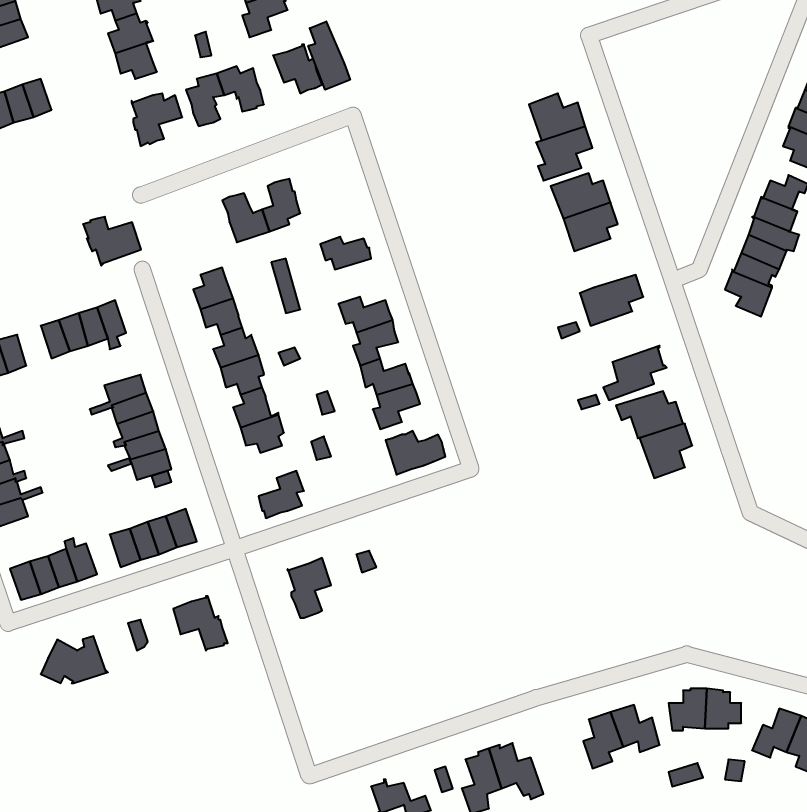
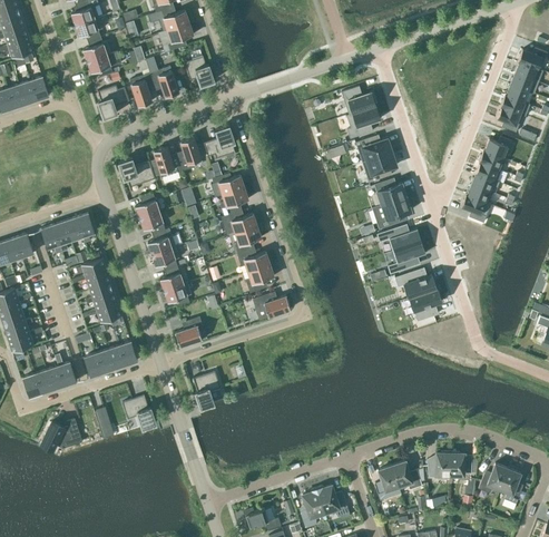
building: [308,21,350,90] -> none
building: none -> [204,126,235,158]
building: [83,217,141,266] -> [118,158,154,188]
building: none -> [374,178,406,205]
building: none -> [220,187,248,215]
building: none -> [376,224,421,251]

